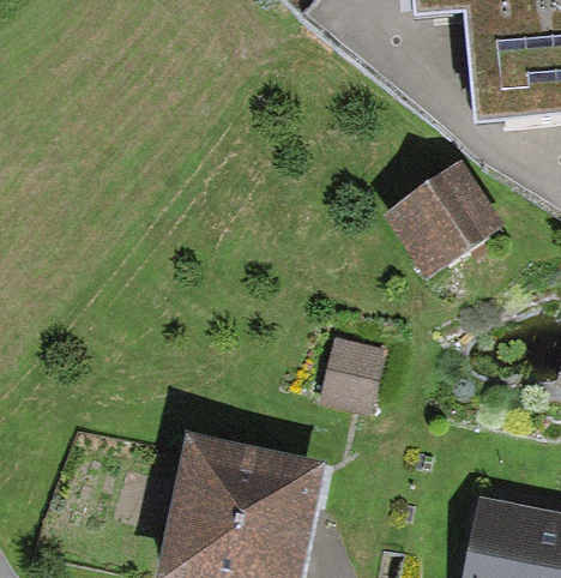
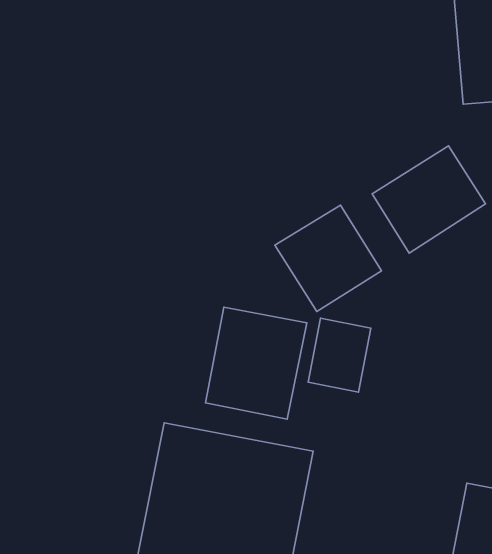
building: none -> [275,205,382,311]
building: none -> [206,307,307,419]

